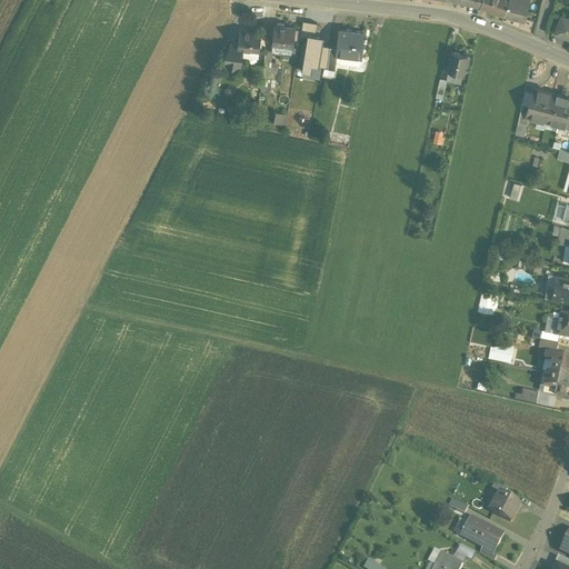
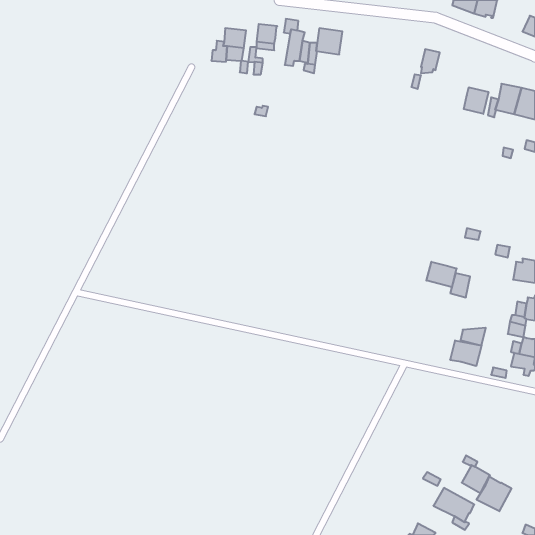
building: none -> [464,87,488,114]
building: none -> [426,262,457,287]
building: none -> [450,340,482,366]
building: none -> [477,476,511,511]

